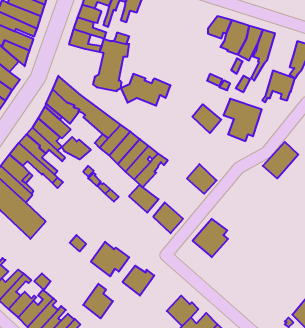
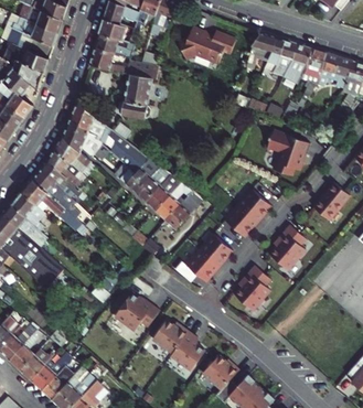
building: [262,71,295,102] -> [314,53,352,89]
building: [121,74,171,106] -> [178,26,235,63]
building: [192,104,221,133] -> [239,189,273,222]
building: [62,137,91,159] -> none
building: none -> [269,225,307,270]
building: [129,185,159,213] -> [200,234,234,266]
building: [83,284,113,318] -> [170,331,204,371]

